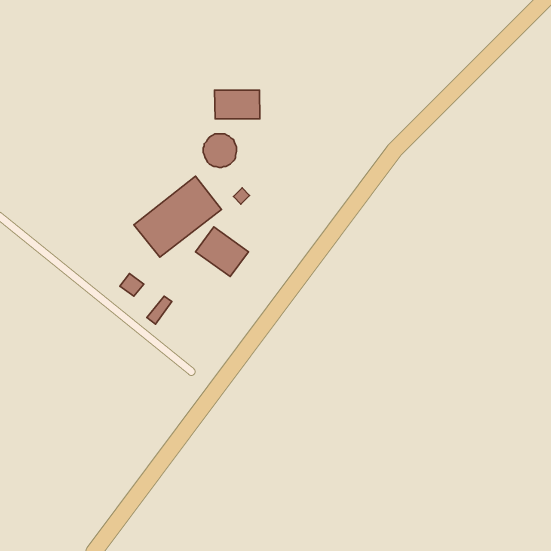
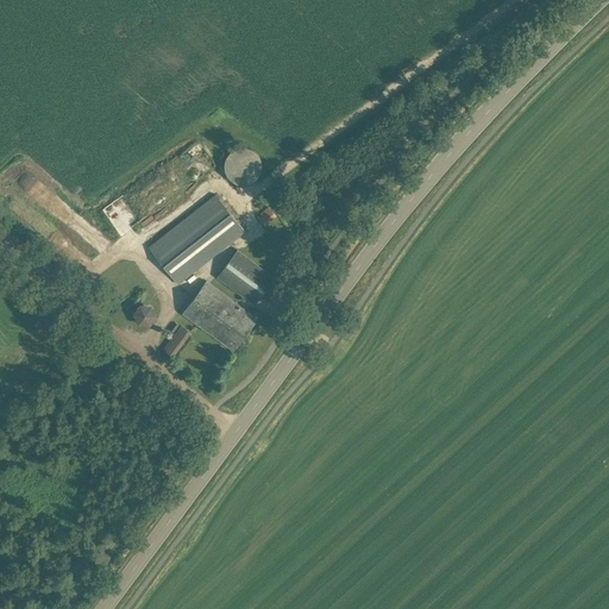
building: [215,90,260,119] -> none
building: none -> [181,282,257,352]

